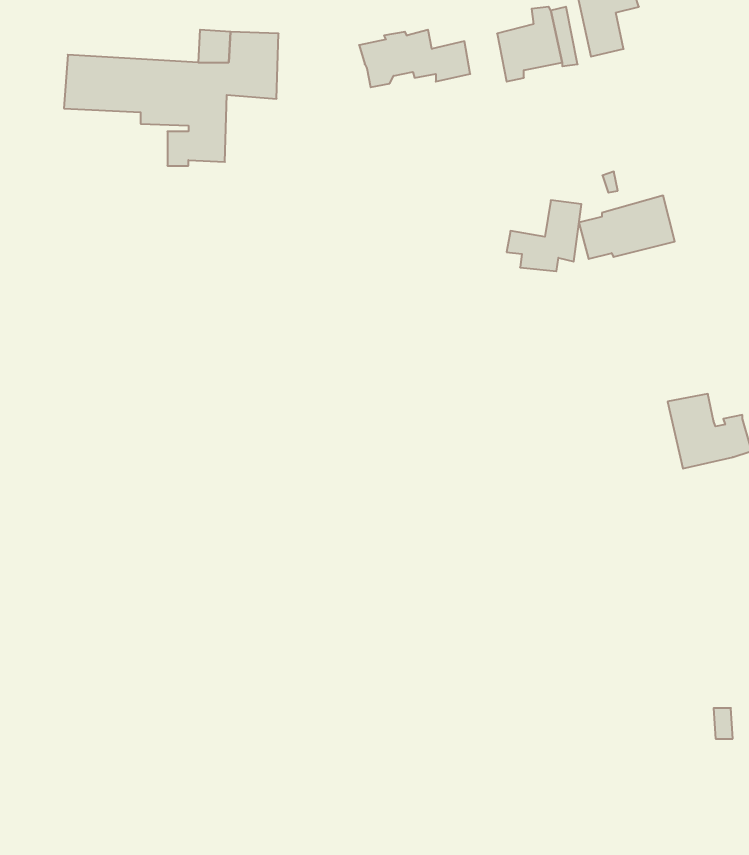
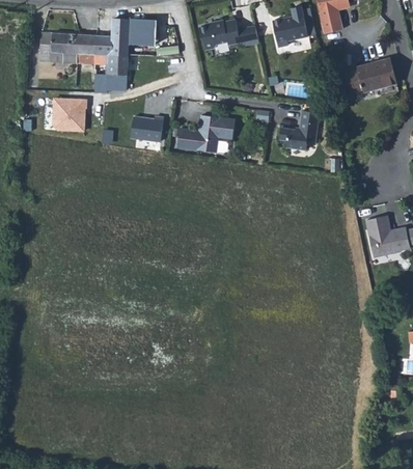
building: none -> [52,99,85,131]
building: [579,196,675,259] -> [345,57,396,91]
building: none -> [177,114,235,150]
building: none -> [131,115,163,142]

